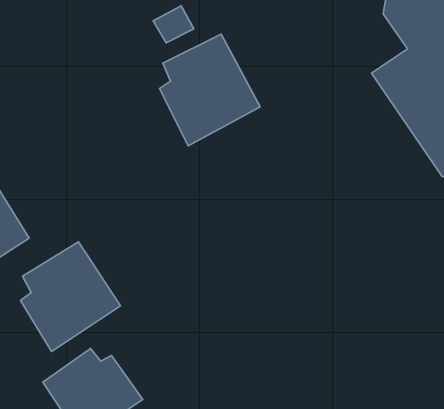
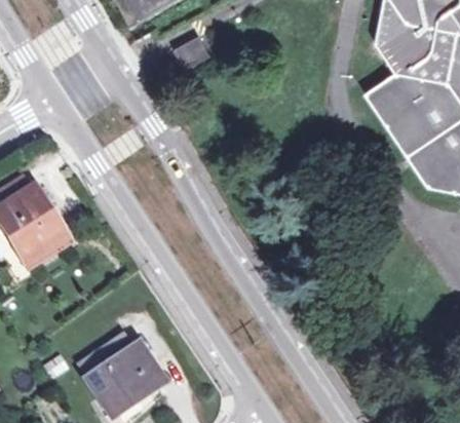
building: [159,34,260,146] -> none
building: [20,242,121,352] -> none

